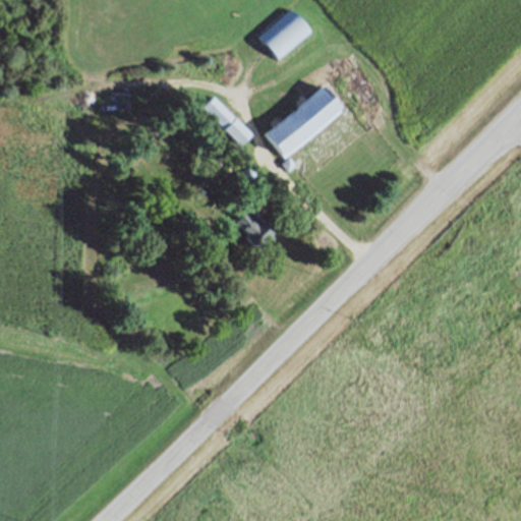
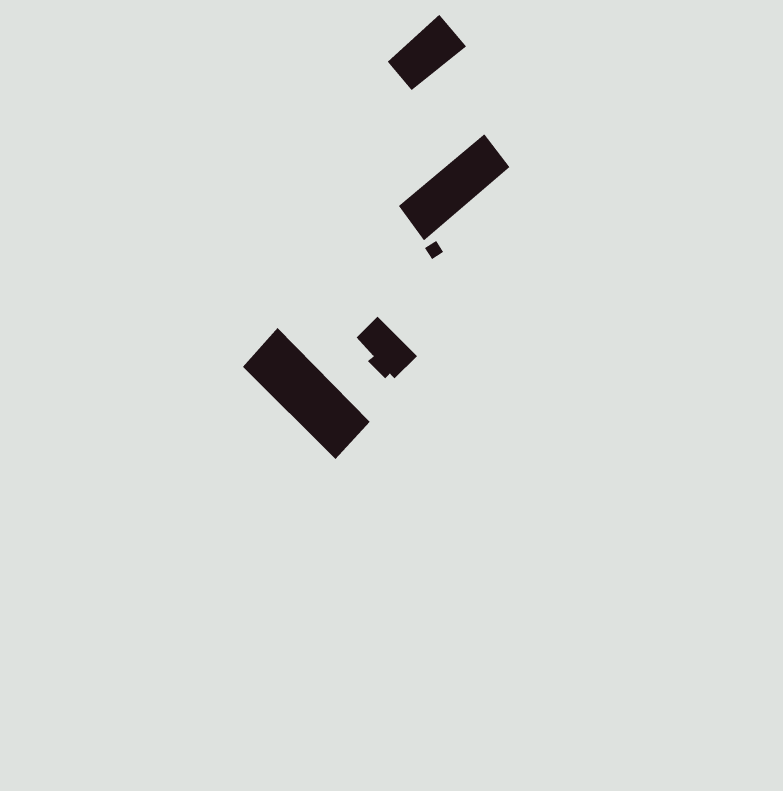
building: [205,97,252,146] -> none
building: none -> [242,327,370,460]

